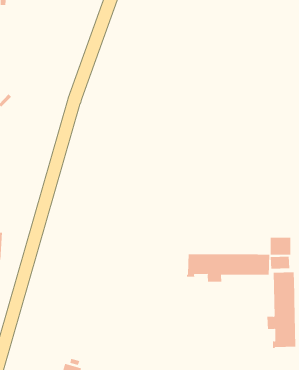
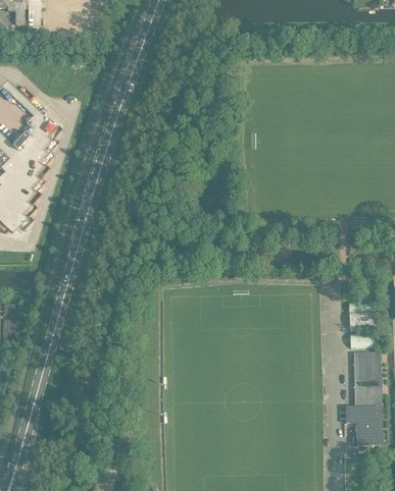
building: [187,254,270,283] -> none

